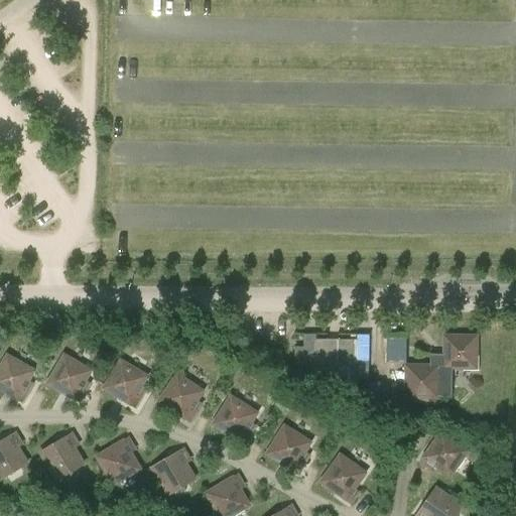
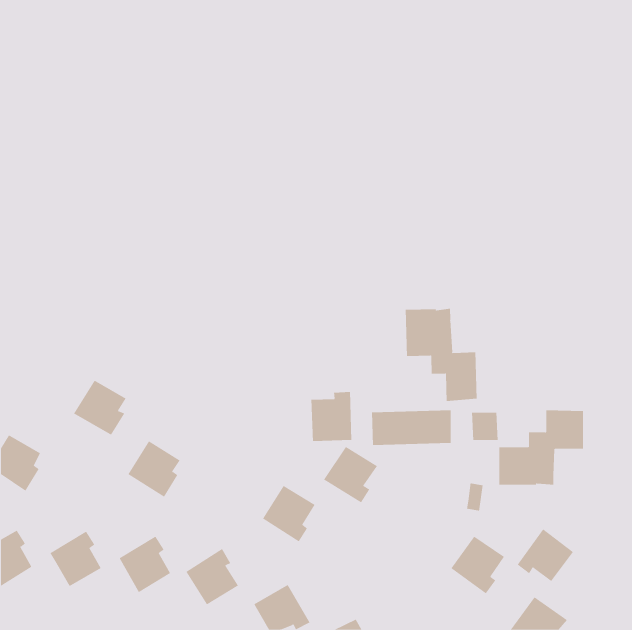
building: none -> [405,308,477,402]
building: none -> [311,391,352,442]
building: [47,354,91,399] -> [73,380,126,436]
building: [159,372,203,419] -> none
building: [267,424,311,471] -> [323,446,378,503]
building: [320,454,365,501] -> [450,536,505,594]

